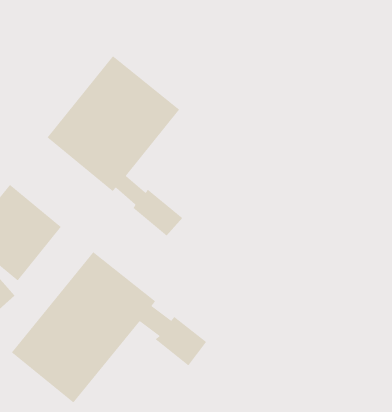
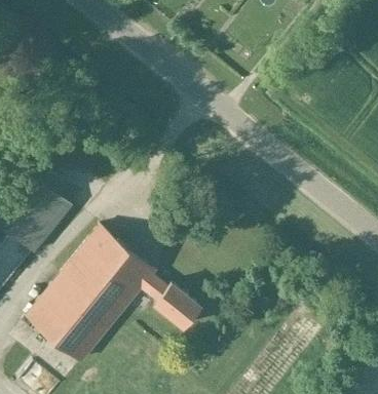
building: [47,55,183,237] -> none

